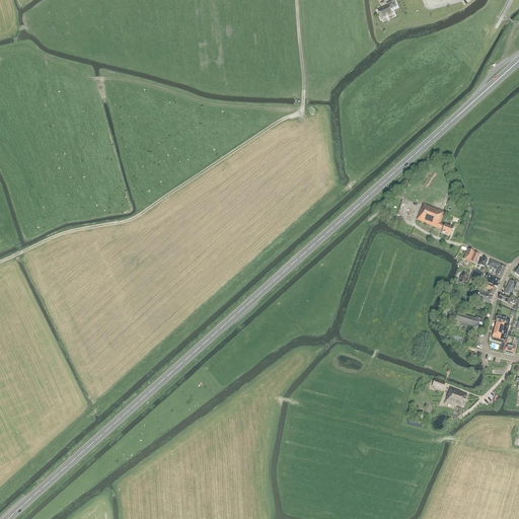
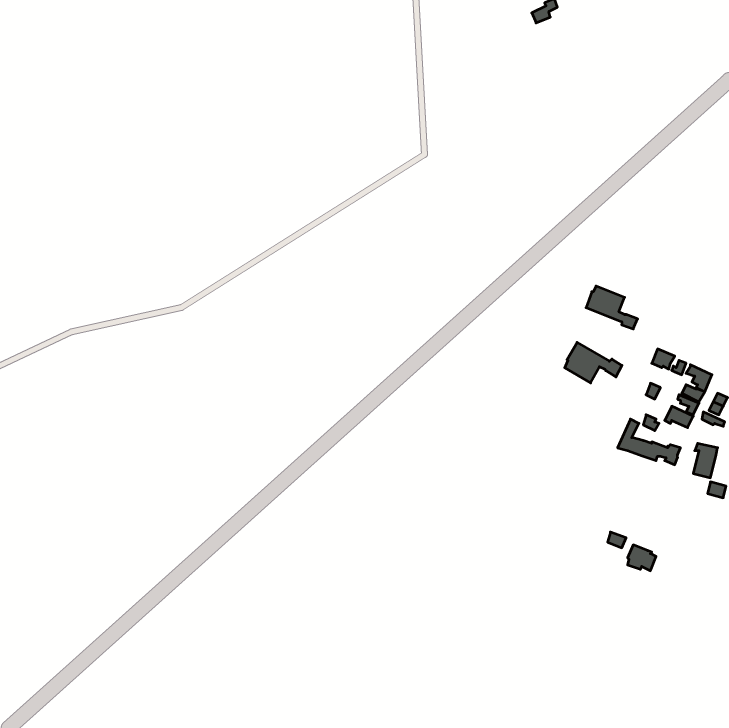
building: none -> [565,342,622,383]

